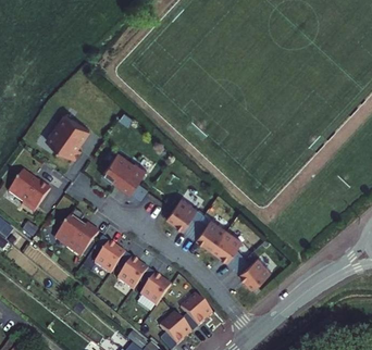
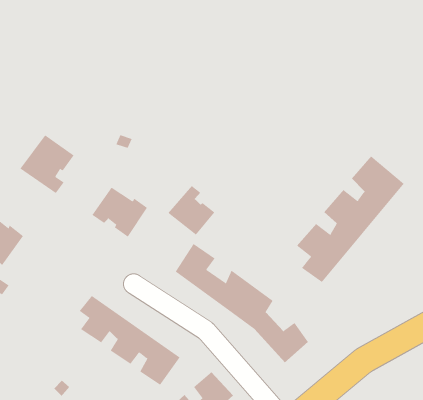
building: none -> [296,156,405,283]
building: none -> [168,185,215,235]
building: [55,209,98,255] -> none

